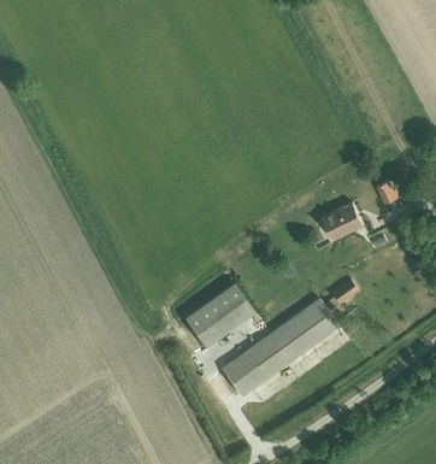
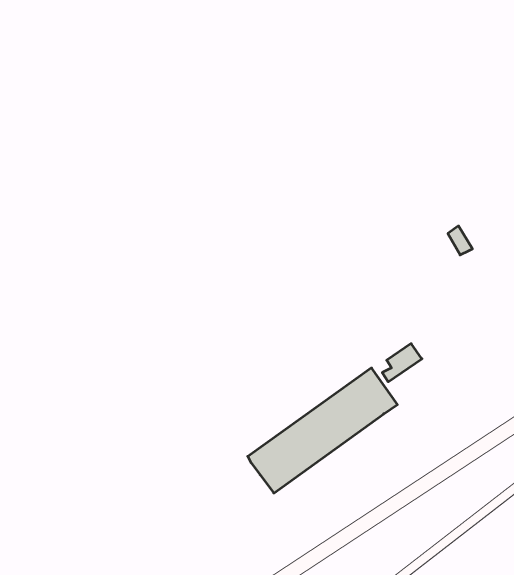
building: [323,202,364,240] -> none
building: [185,282,255,347] -> none

